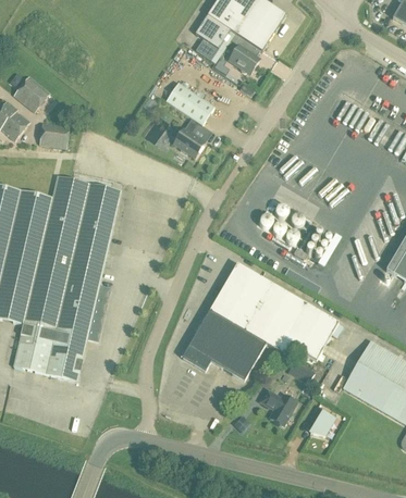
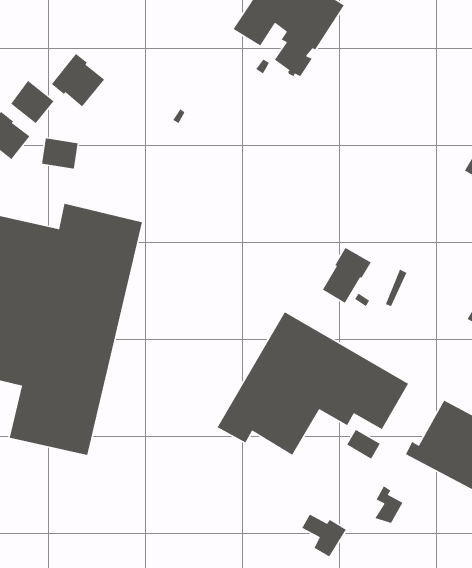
building: none -> [51,53,105,107]
building: [165,83,214,157] -> none
building: none -> [322,247,372,304]
building: [260,389,297,425] -> [301,514,347,558]

